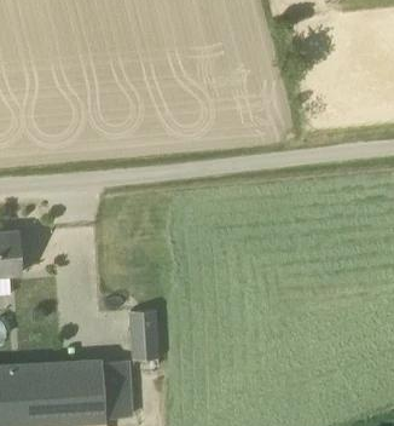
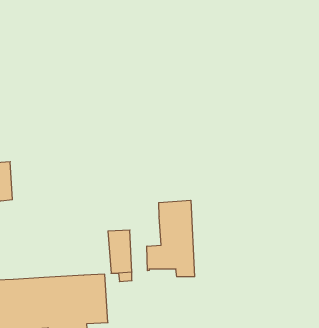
building: none -> [147,200,195,277]

